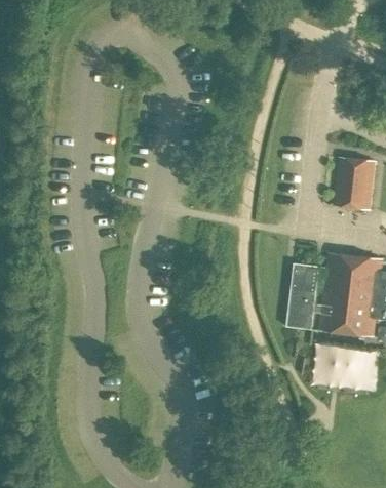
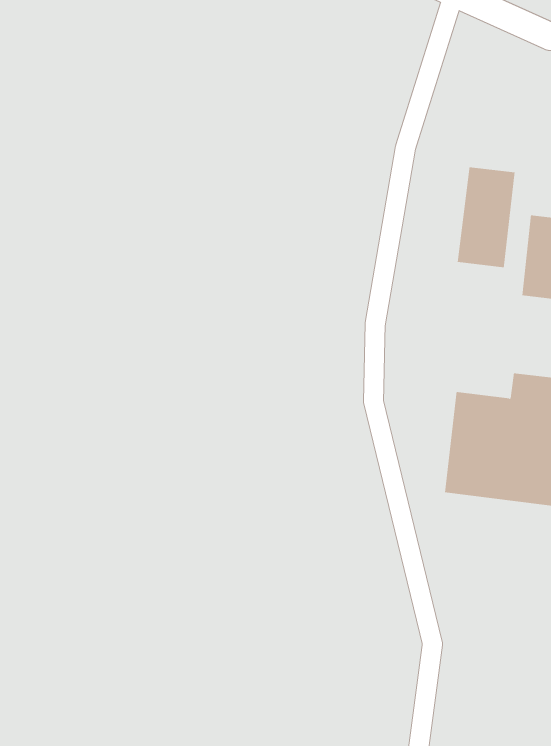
building: none -> [457,167,515,268]

